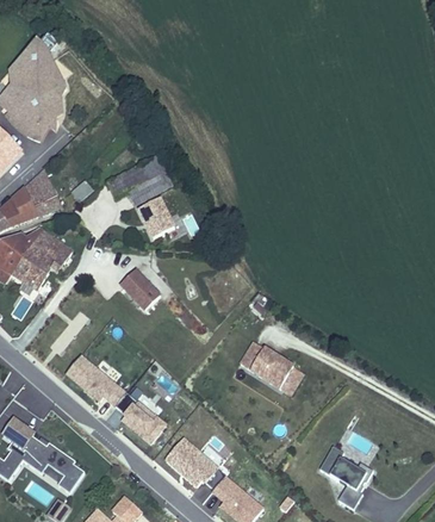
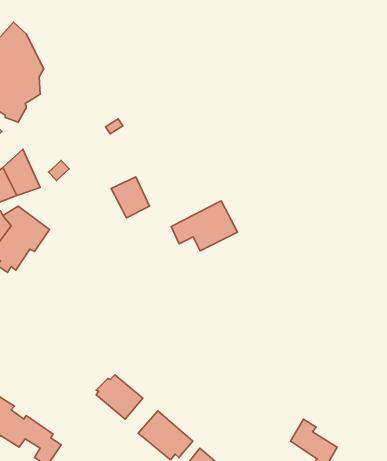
building: [106,154,174,205] -> [171,201,237,251]
building: [119,269,161,310] -> none
building: [238,340,305,394] -> none
building: [64,353,128,406] -> none

